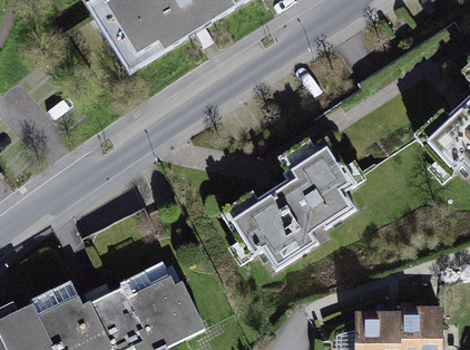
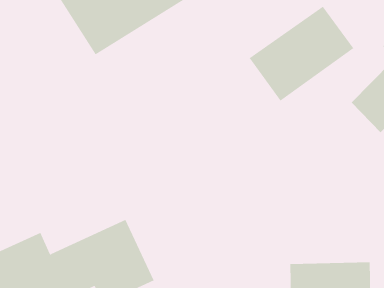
building: none -> [249,6,354,101]
building: [227,134,347,273] -> none

